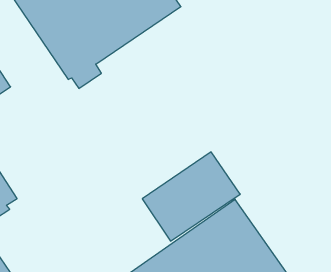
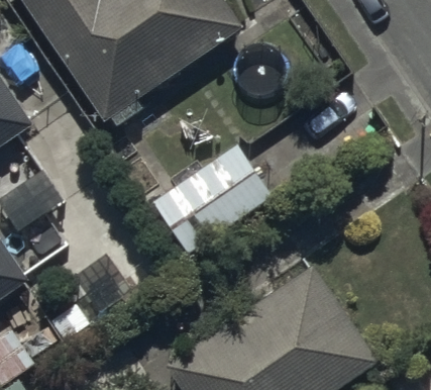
building: [142,152,240,241] -> [149,147,272,258]

